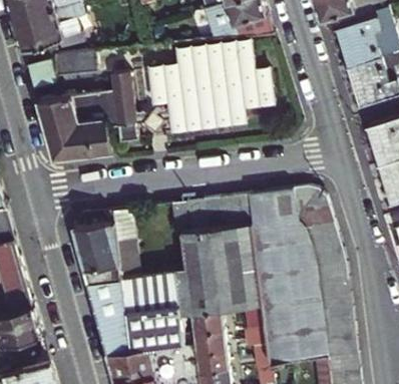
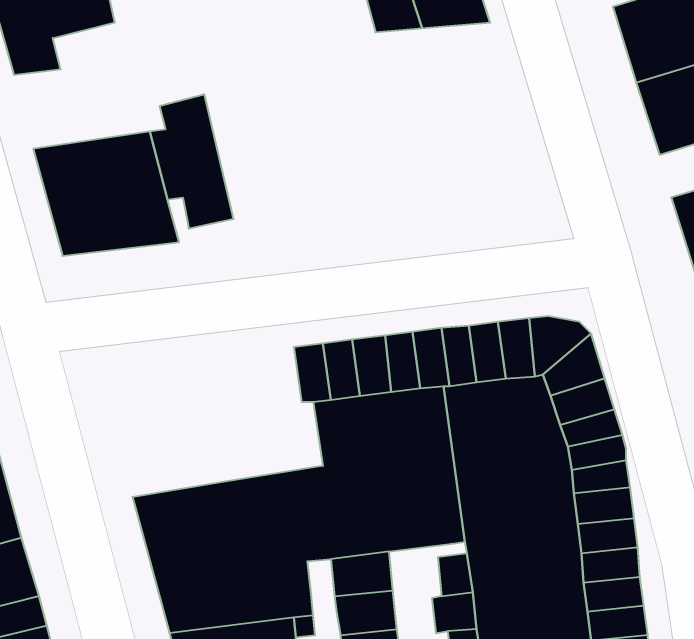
building: [147,44,271,129] -> none
building: [27,58,102,89] -> none
building: [73,210,136,282] -> none

